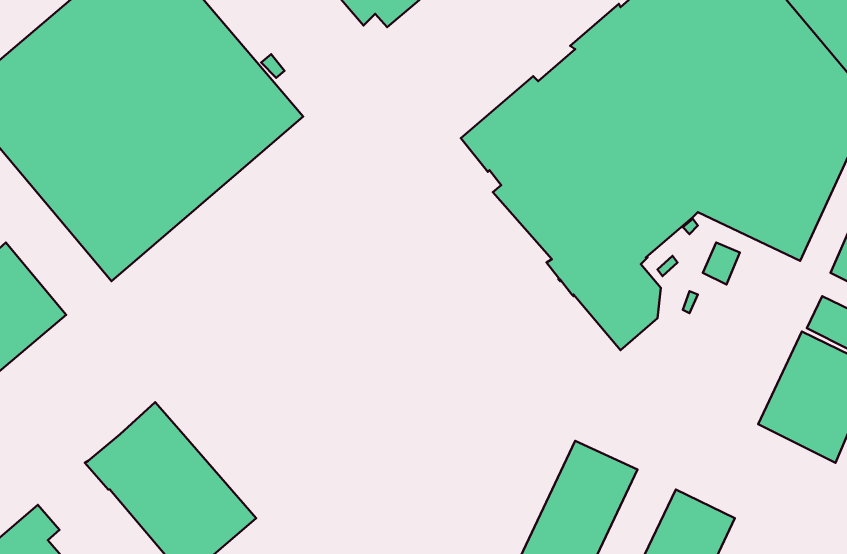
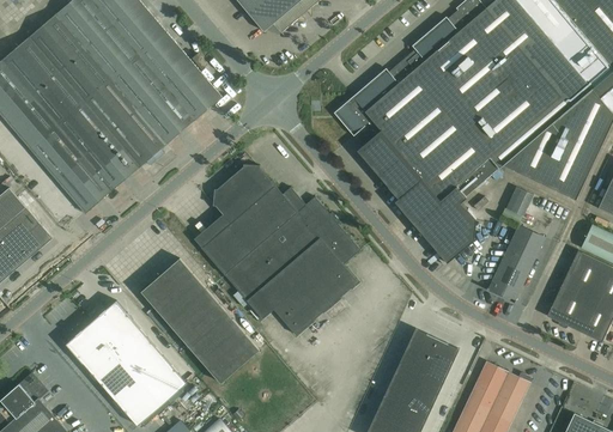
building: none -> [201,164,359,335]
building: none -> [487,225,544,303]
building: none -> [140,258,259,384]

